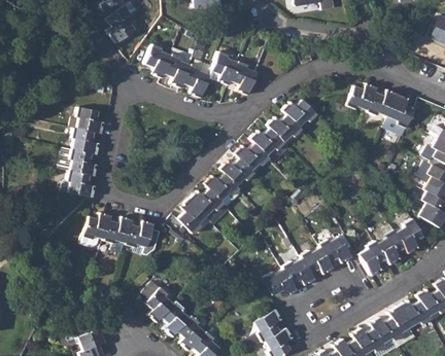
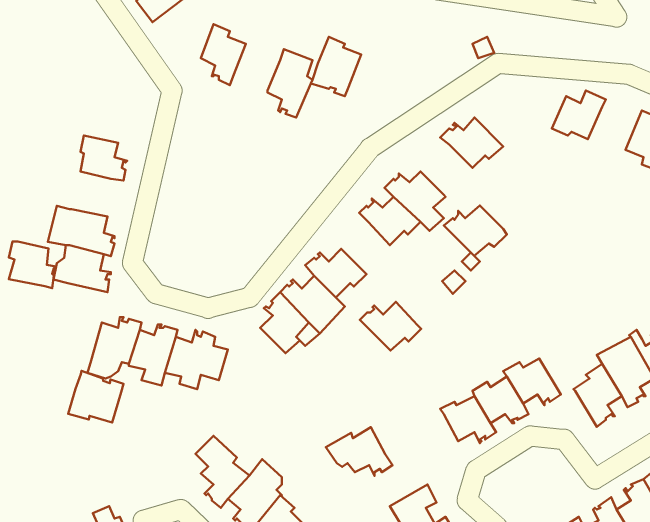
building: [164,55,191,88] -> none
building: [230,61,256,95] -> none
building: [367,90,398,116] -> none
building: [267,113,303,142] -> [444,206,507,256]
building: [71,129,98,155] -> [9,241,56,288]
building: [220,157,255,185] -> [360,302,421,350]
building: none -> [68,371,123,422]
building: [259,268,297,295] -> [326,427,393,476]

